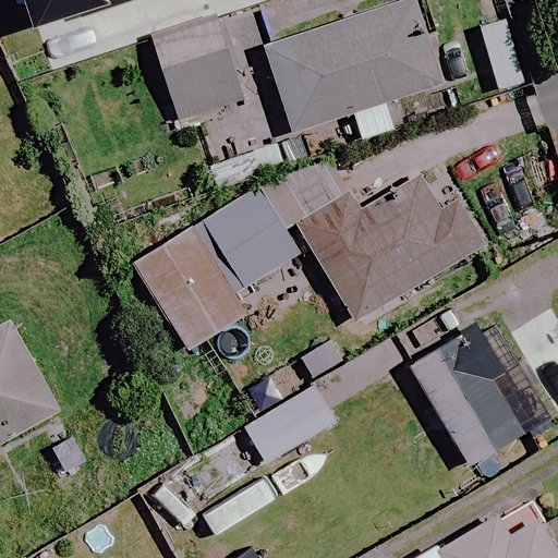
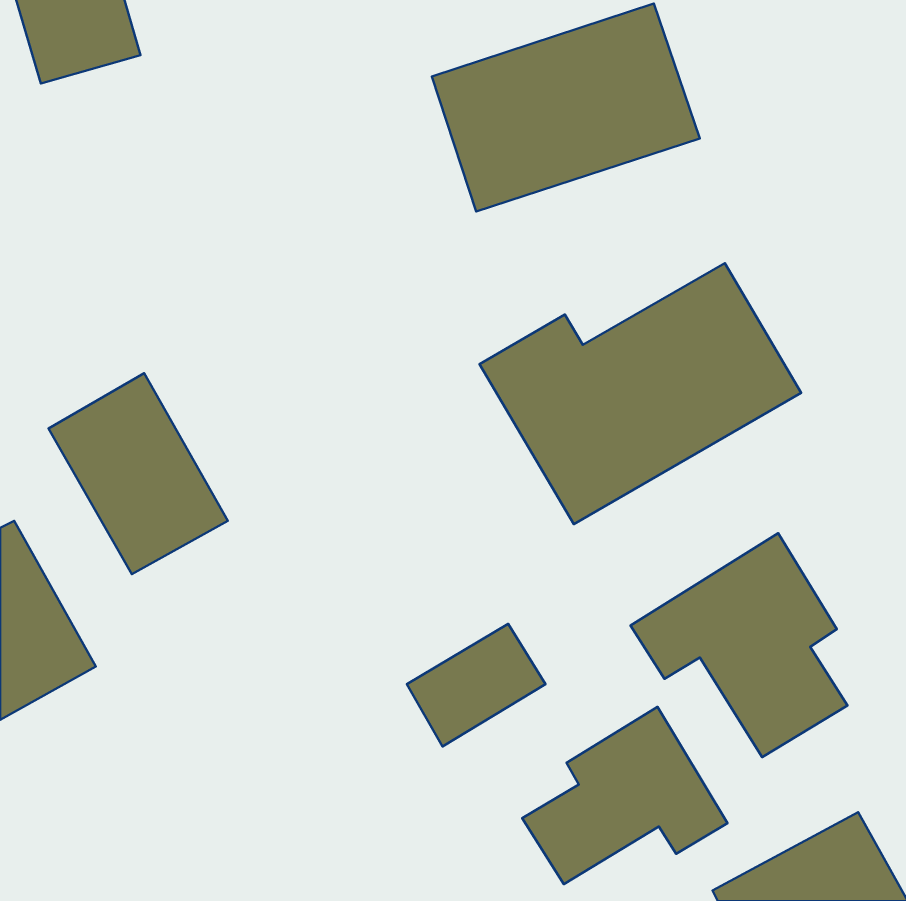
building: [153,16,244,122] -> none
building: [204,186,298,287] -> none
building: [134,226,244,349] -> [48,373,228,574]
building: none -> [522,707,728,884]

